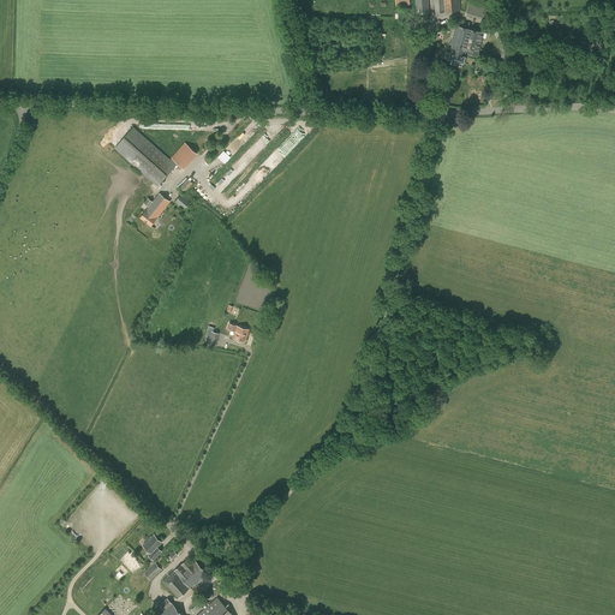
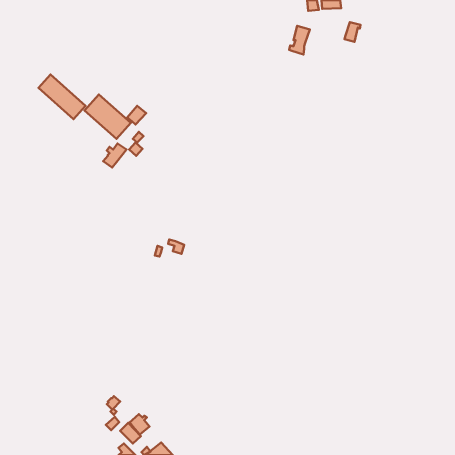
building: [444,25,472,64] -> [289,26,310,54]
building: none -> [39,75,86,119]

